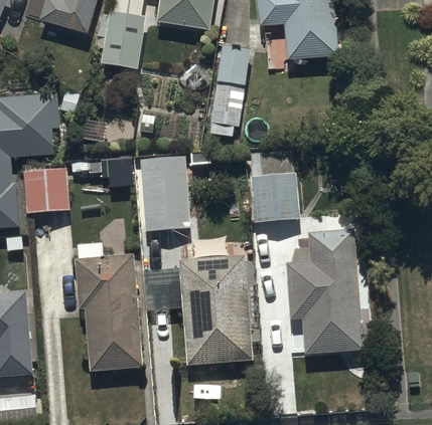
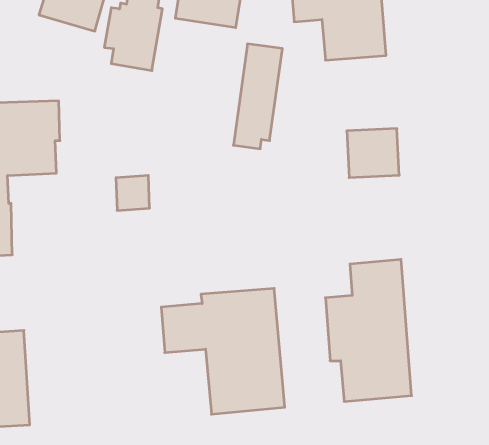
building: [138,155,188,231] -> none
building: [23,169,67,213] -> none
building: [251,178,296,220] -> [347,129,399,178]
building: [75,242,141,370] -> none

